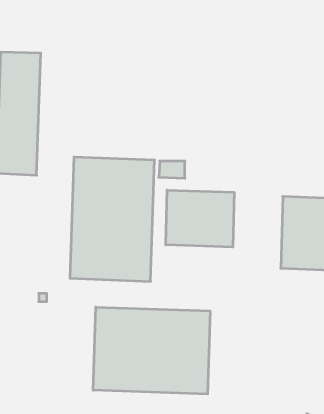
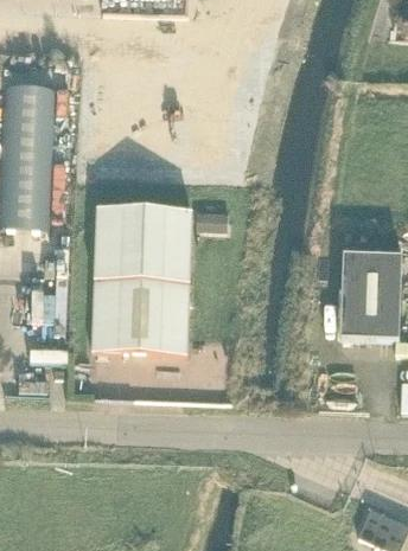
building: [166,190,234,247] -> none
building: [93,307,210,394] -> none

